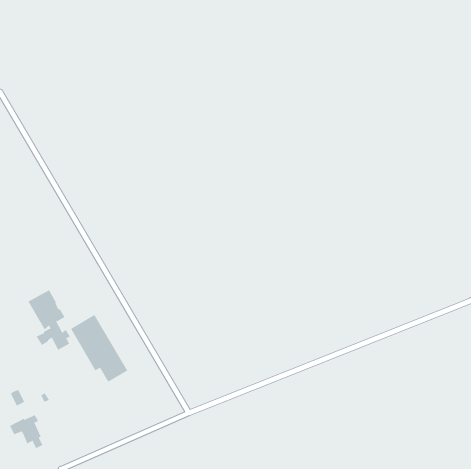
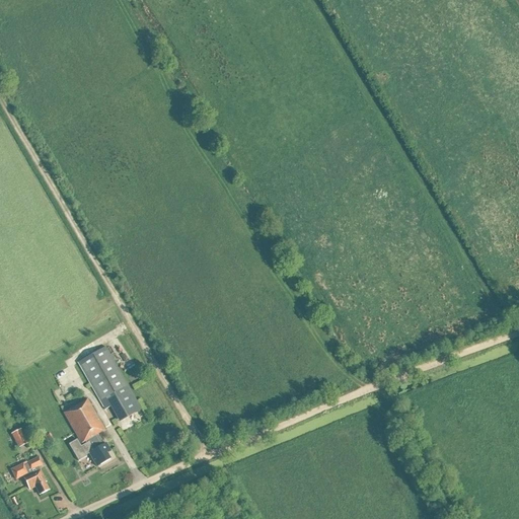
building: [28,290,71,350] -> [63,398,110,465]

